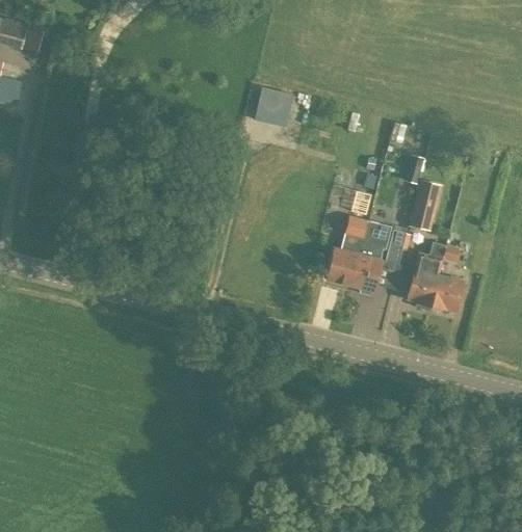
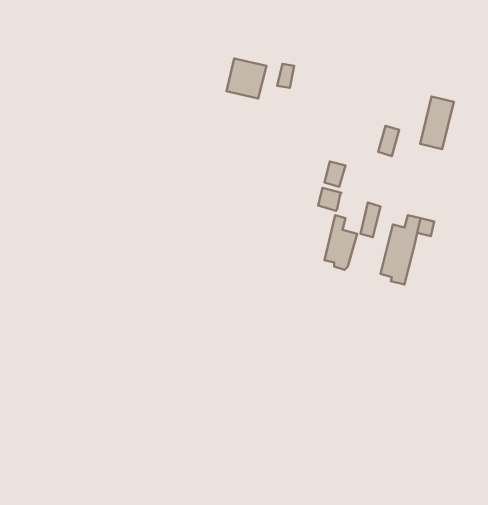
building: [410,178,443,230] -> [420,96,454,149]
building: [327,239,362,286] -> none
building: [432,272,464,312] -> none

